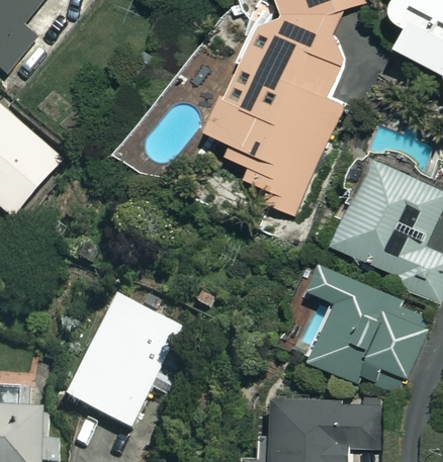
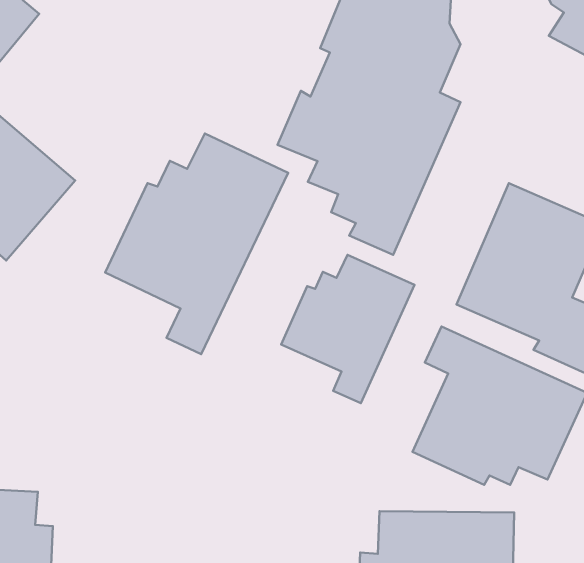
building: none -> [105,133,288,354]
building: none -> [281,255,414,403]
building: [66,295,178,430] -> none

